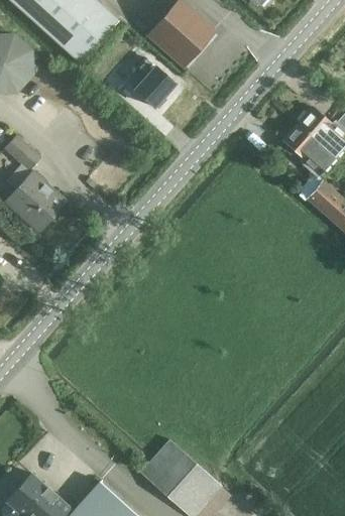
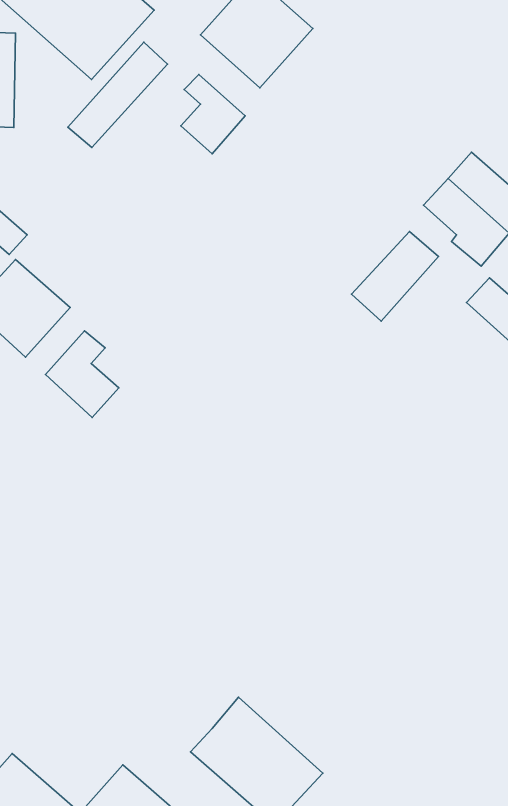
building: none -> [68,42,168,147]
building: none -> [352,231,439,321]
building: none -> [45,331,119,417]

